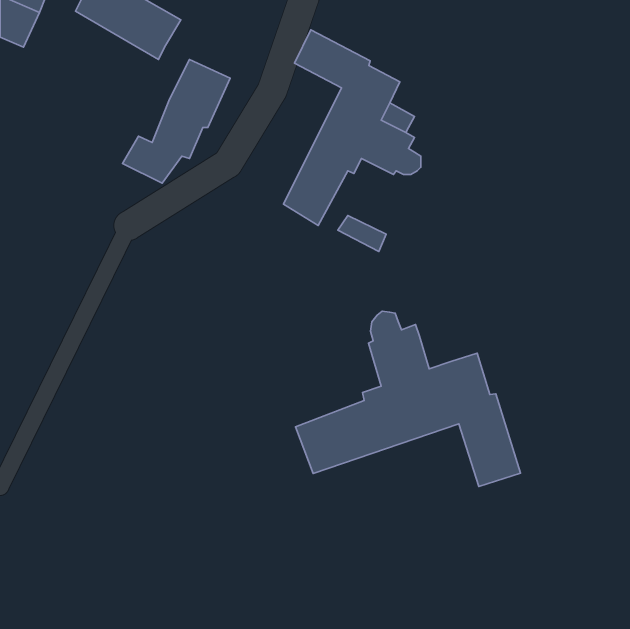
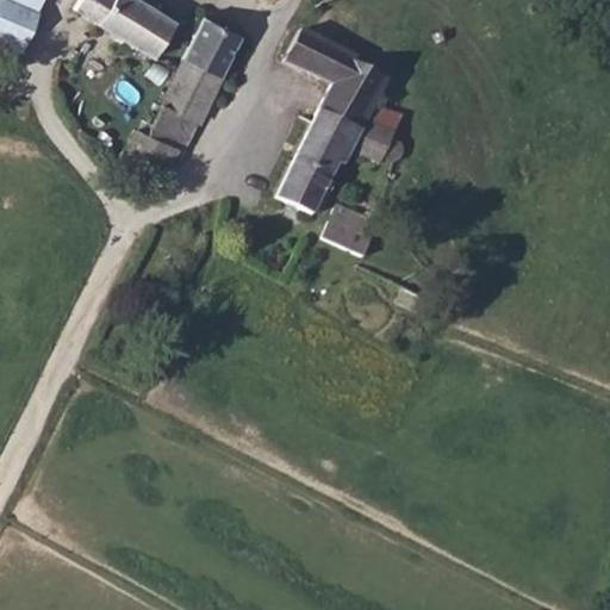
building: none -> [185,15,243,75]
building: [295,311,520,487] -> none

